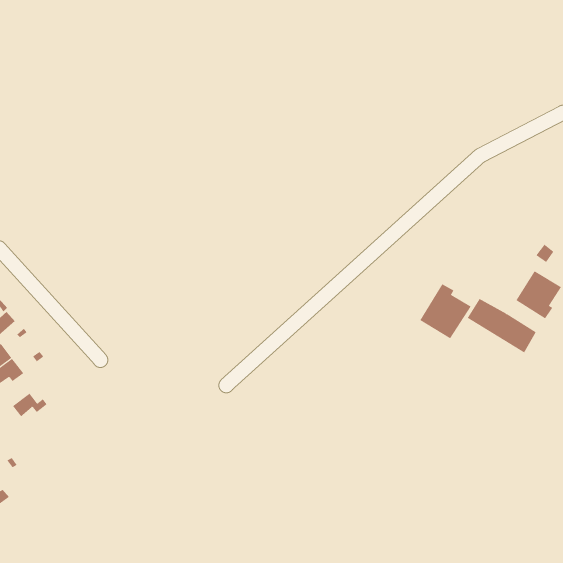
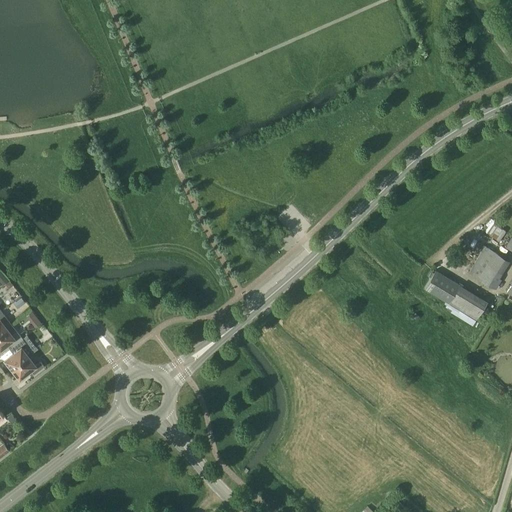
building: [419,284,471,339] -> none
building: none -> [4,339,32,369]

